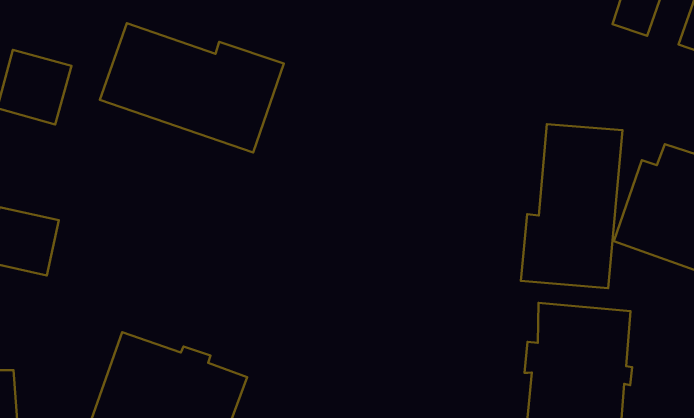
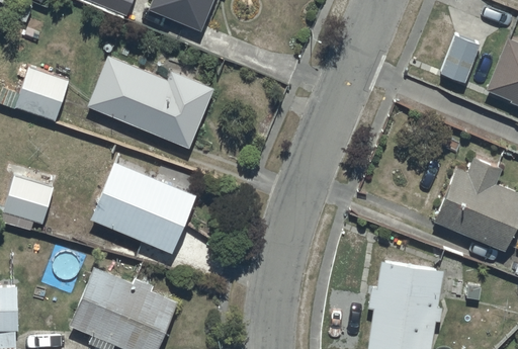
building: [521,124,622,288] -> none
building: none -> [90,162,196,254]

